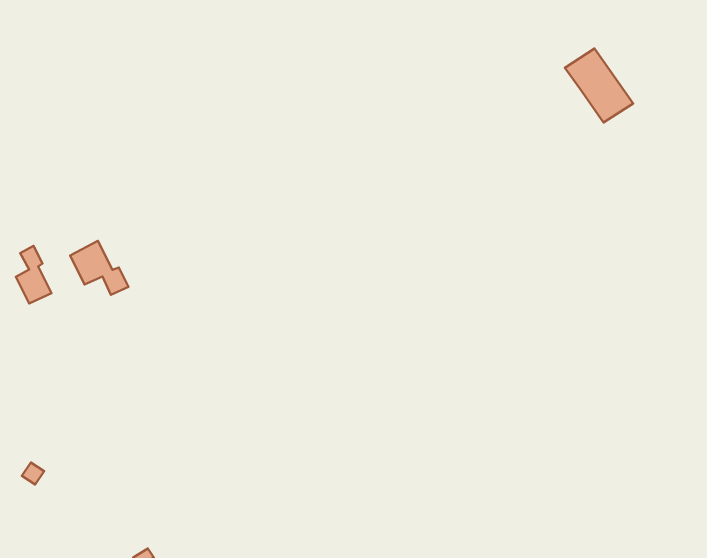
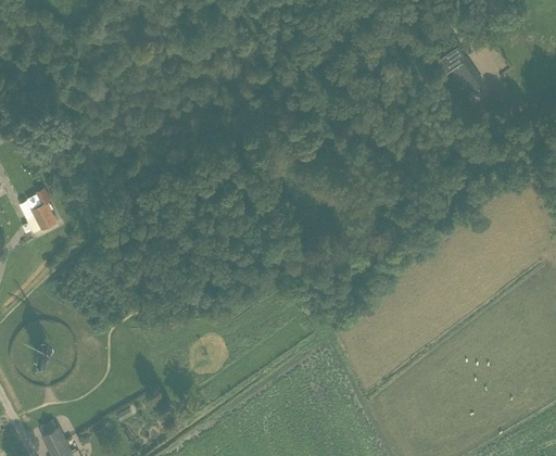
building: [70,241,129,295] -> none

